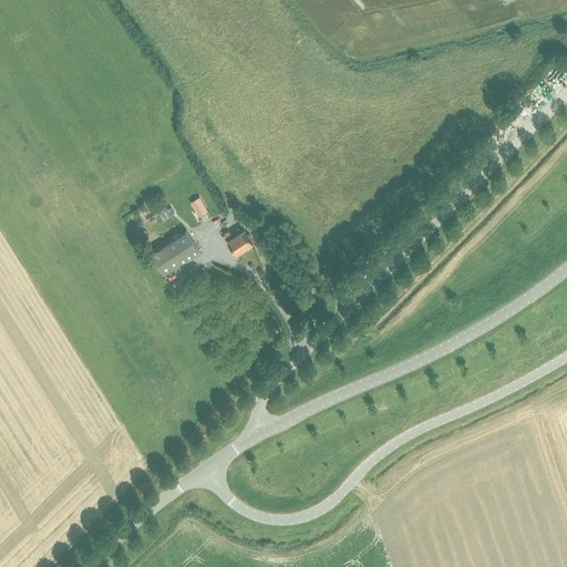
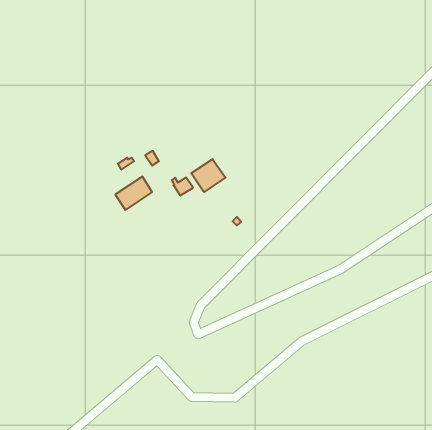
building: none -> [191,159,226,192]

